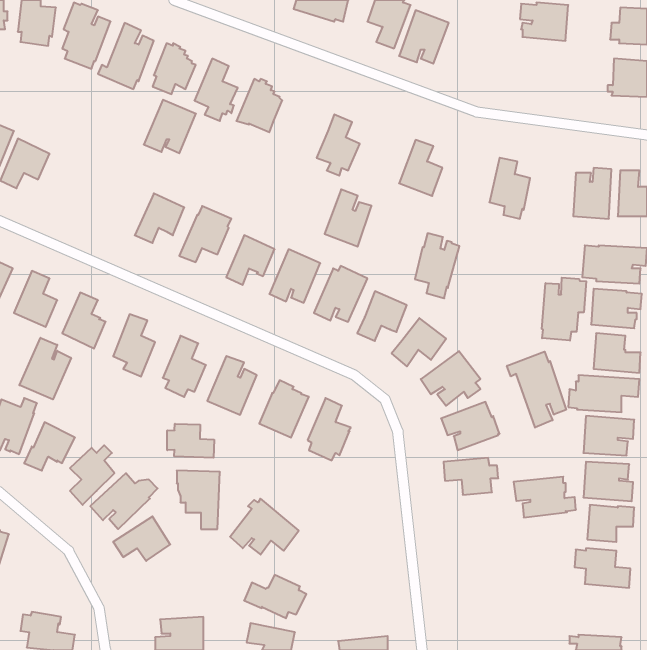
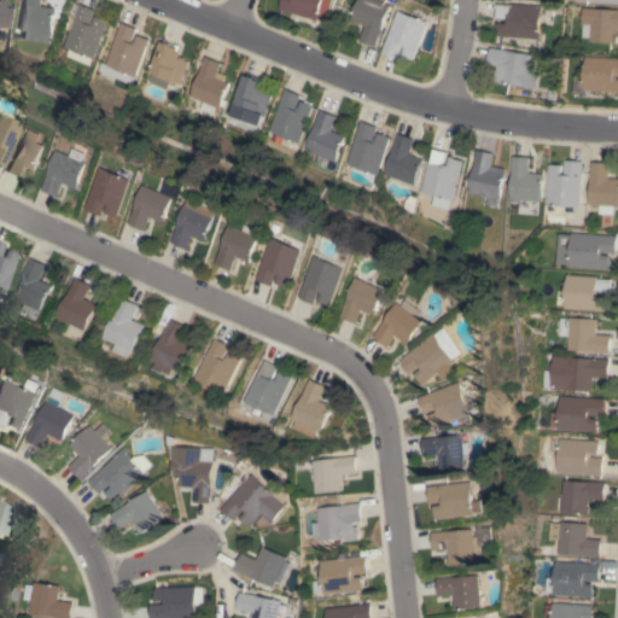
building: none -> [485,47,540,88]
building: none -> [264,88,310,142]
building: [144,100,196,153] -> [84,167,134,217]
building: none -> [42,147,89,197]
building: none -> [507,156,542,202]
building: [325,189,372,247] -> [343,121,387,175]
building: [415,233,459,298] -> [418,148,460,210]
building: [542,278,586,341] -> none
building: [19,338,71,399] -> none
building: [507,352,566,428] -> none
building: [167,424,214,458] -> none
building: [514,477,576,517] -> [426,480,485,519]
building: none -> [310,455,355,492]
building: none -> [310,502,360,540]
building: none -> [431,529,477,564]
building: none -> [309,555,365,594]
building: none -> [543,561,597,597]
building: none -> [436,575,482,610]

